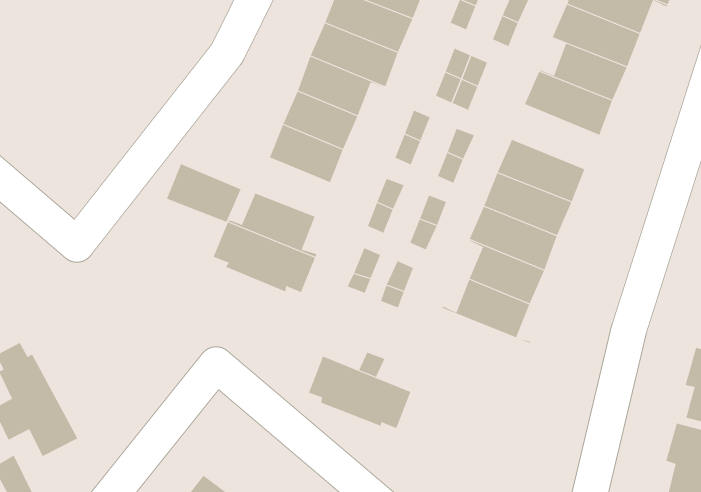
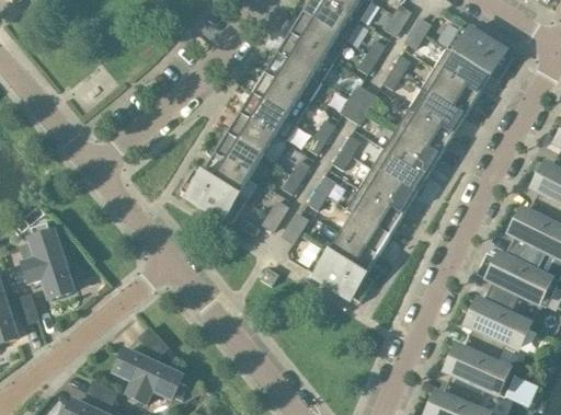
building: none -> [383,126,440,174]
building: [166,164,242,223] -> [214,131,263,174]
building: [308,356,411,429] -> [307,246,373,301]

